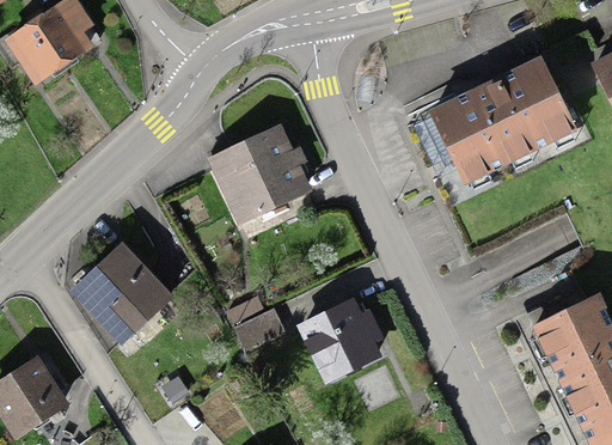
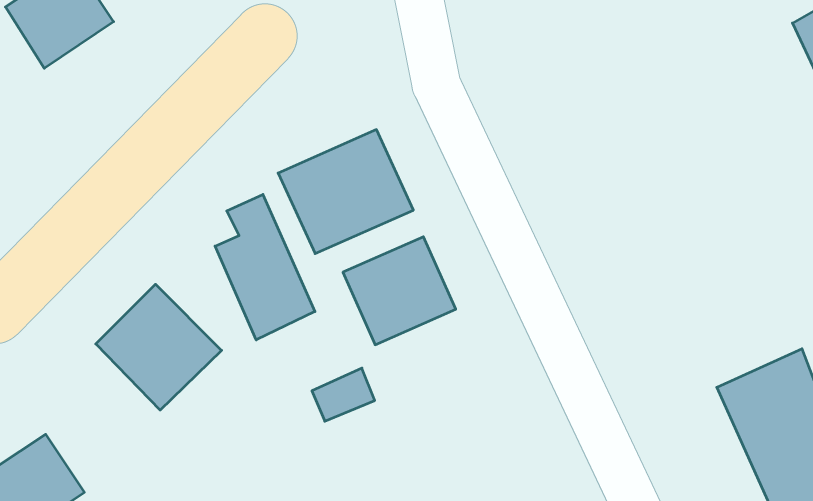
building: [429,57,575,179] -> none
building: none -> [215,194,315,340]
building: [296,297,380,377] -> [343,237,456,345]

